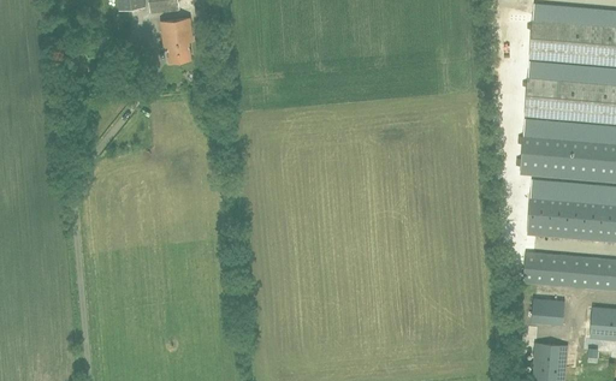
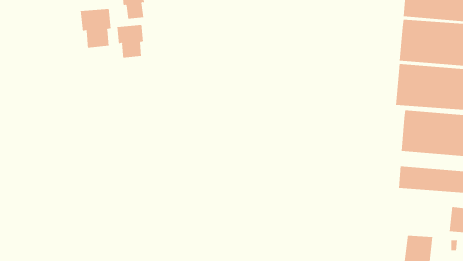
building: none -> [80,8,111,48]
building: none -> [117,24,144,58]
building: [532,299,565,325] -> none

